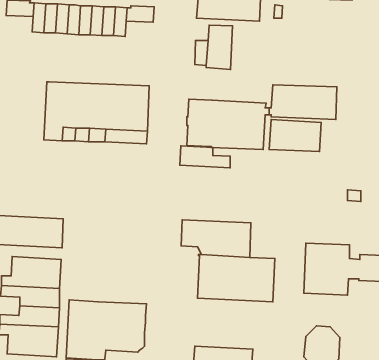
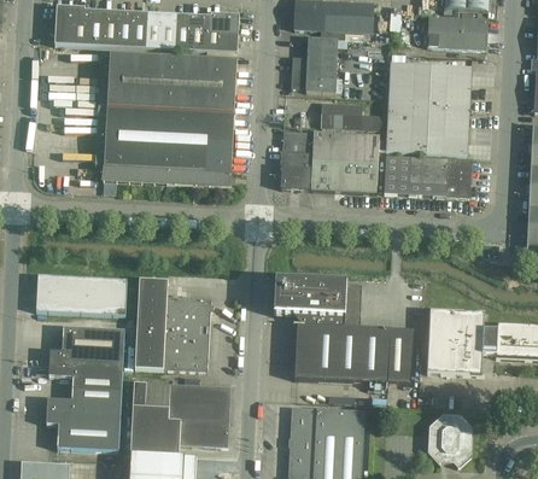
building: none -> [428,16,487,48]
building: none -> [54,24,89,45]
building: none -> [204,31,239,53]
building: none -> [109,54,238,112]
building: none -> [388,62,472,113]
building: none -> [446,157,470,197]
building: [180,146,230,168] -> [321,101,384,129]
building: none -> [134,278,211,370]
building: none -> [388,328,414,384]
building: none -> [291,405,364,442]

